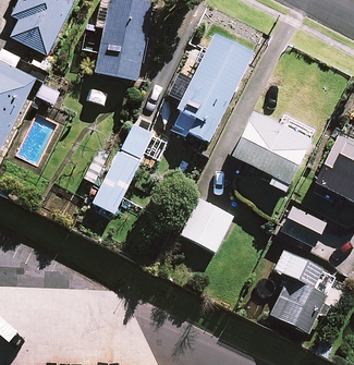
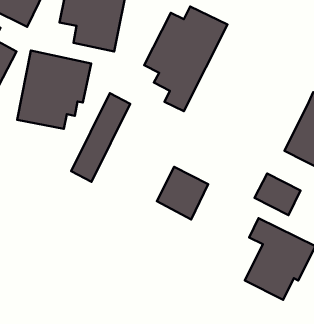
building: none -> [17,51,91,129]
building: [232,114,315,192] -> none

